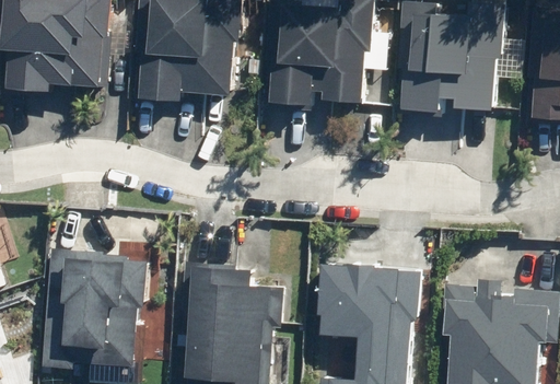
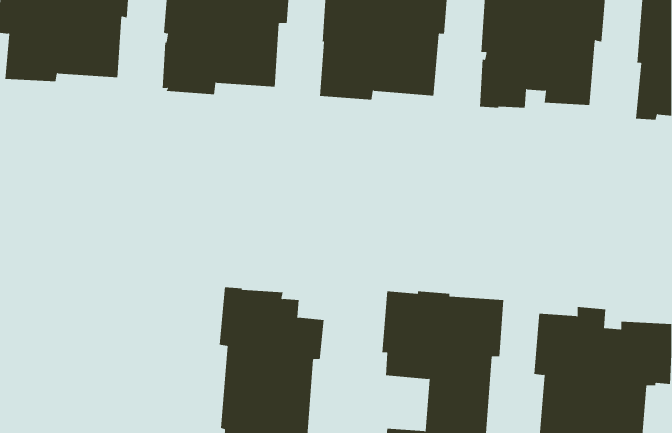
building: [44,248,147,369] -> none

